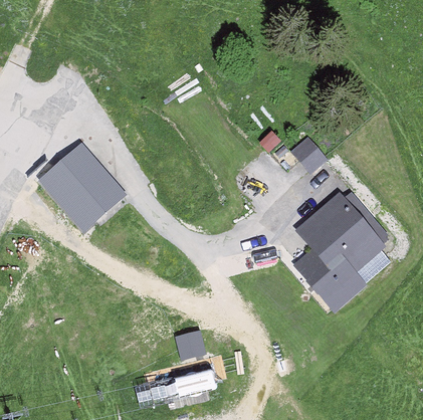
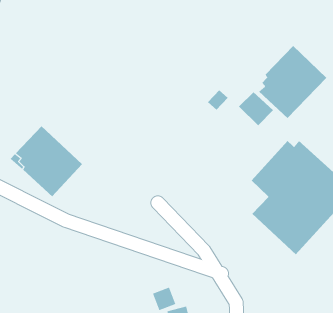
building: none -> [258,45,327,119]

